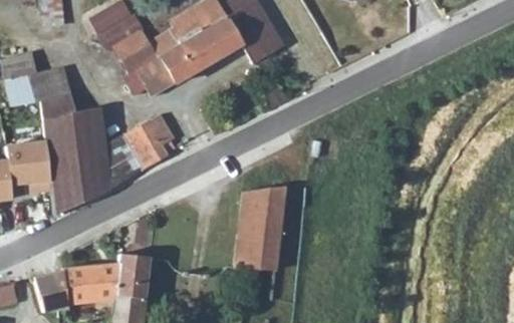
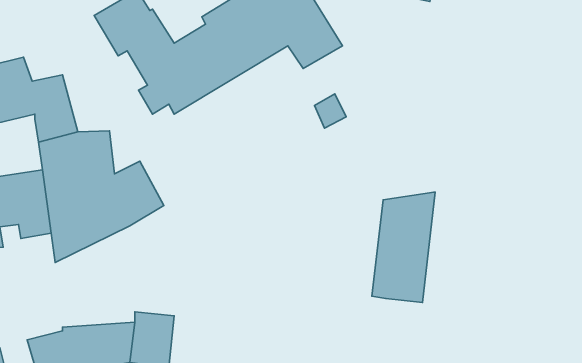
building: [123,114,178,171] -> none
building: [236,186,286,273] -> [372,192,435,302]

